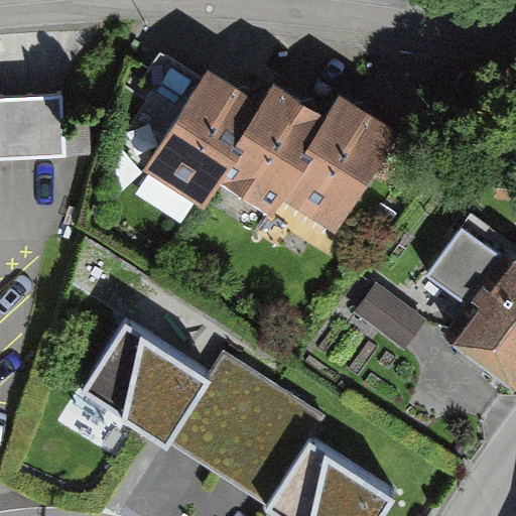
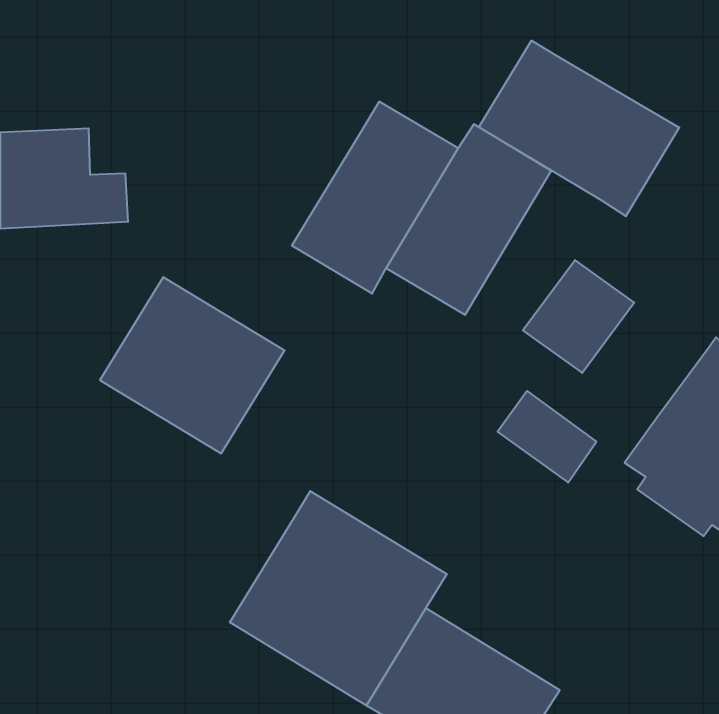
building: none -> [479,41,679,216]
building: [142,64,260,202] -> none
building: [428,223,508,303] -> [523,260,634,373]
building: [79,324,211,449] -> [100,277,285,453]

